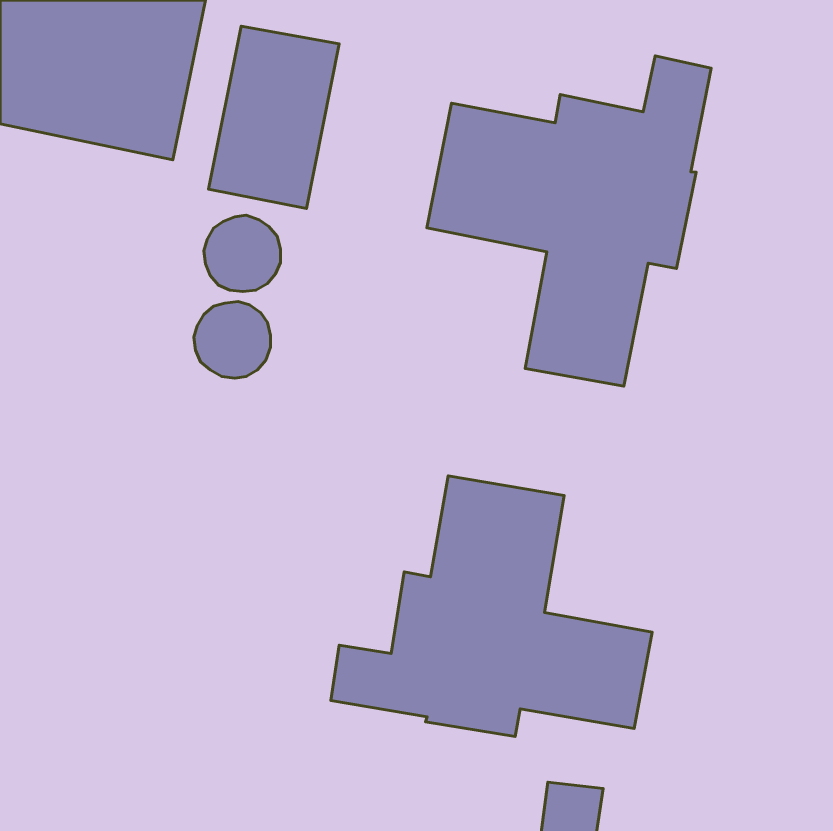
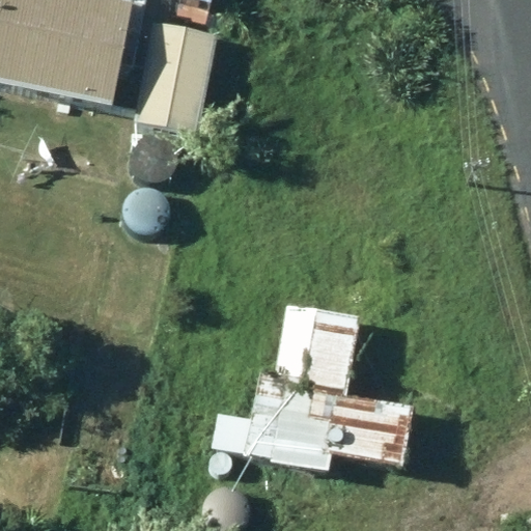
building: [427,56,711,386] -> none

